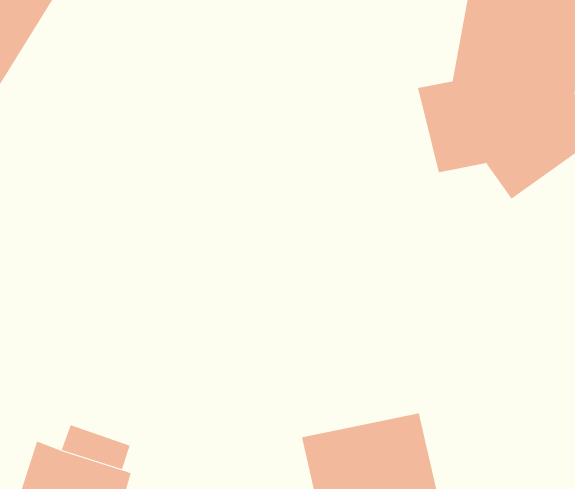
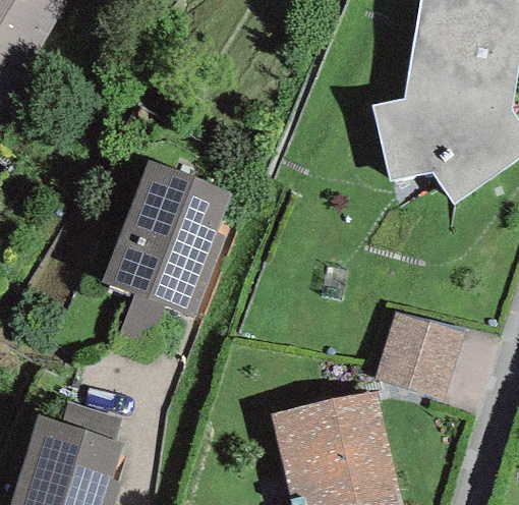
building: none -> [102,161,229,318]
building: none -> [376,312,463,400]

